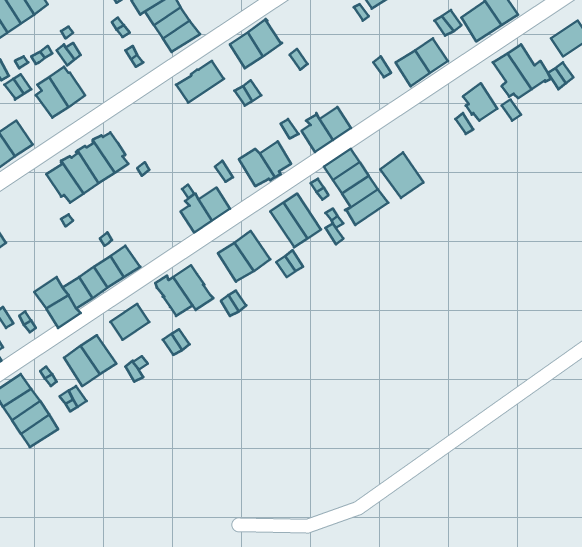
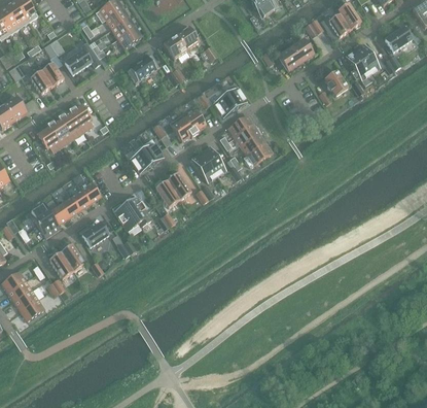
building: none -> [65,41,100,74]
building: [380,152,423,198] -> none

